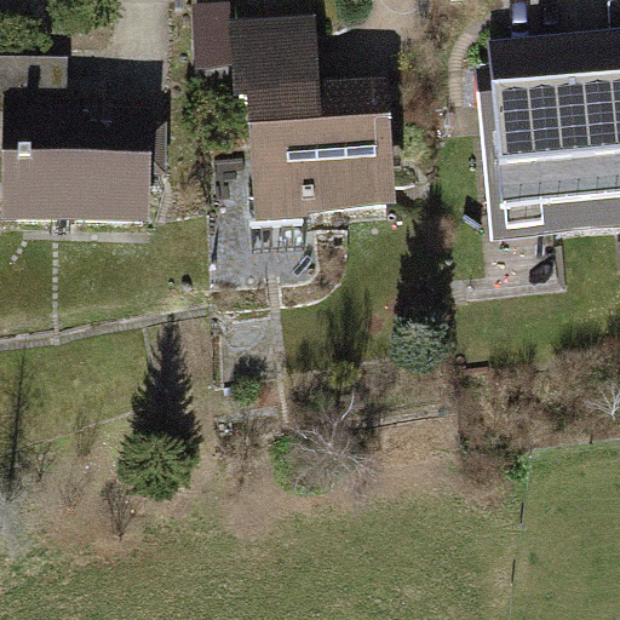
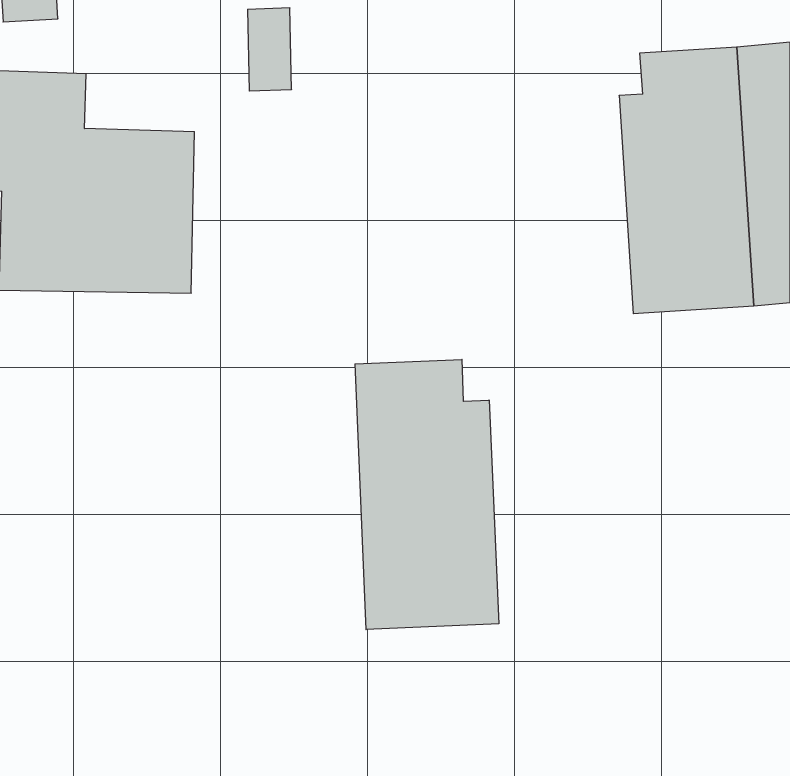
building: [232,15,395,253] -> none
building: none -> [355,359,499,630]

